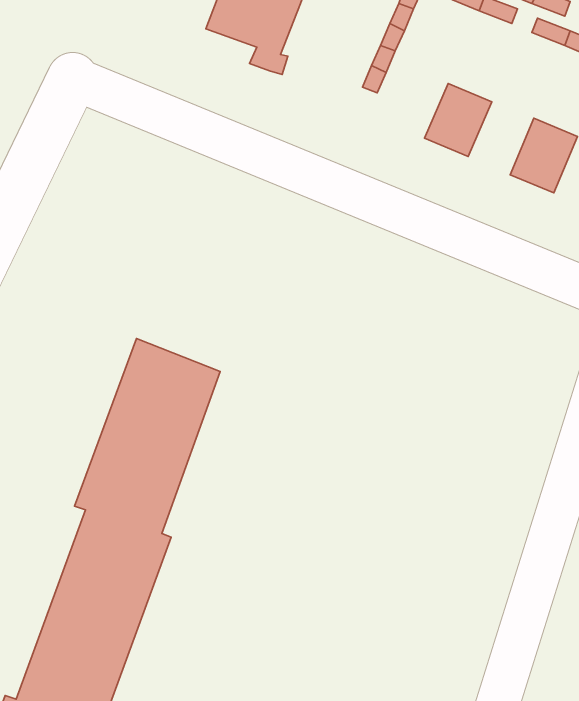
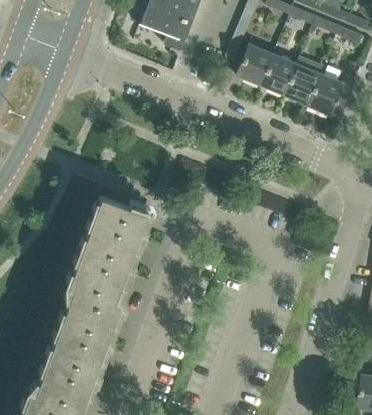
building: none -> [238,44,274,84]
building: none -> [285,64,321,105]

